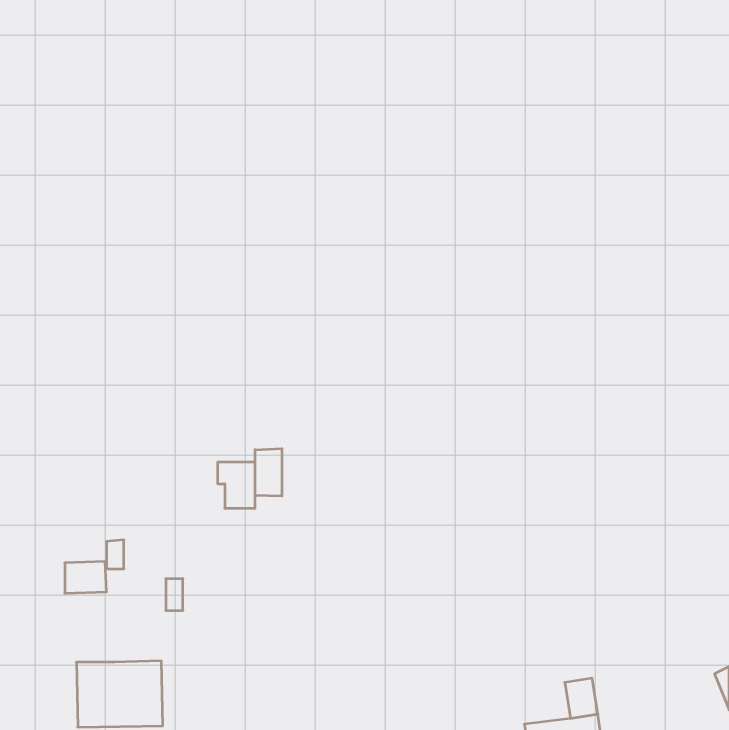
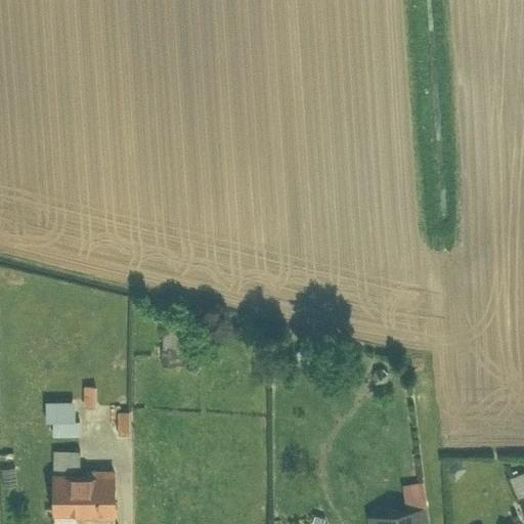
building: [255,449,282,496] -> none
building: none -> [54,452,81,475]

